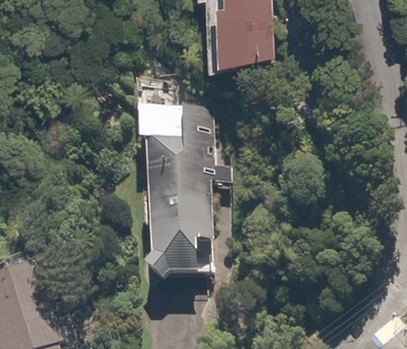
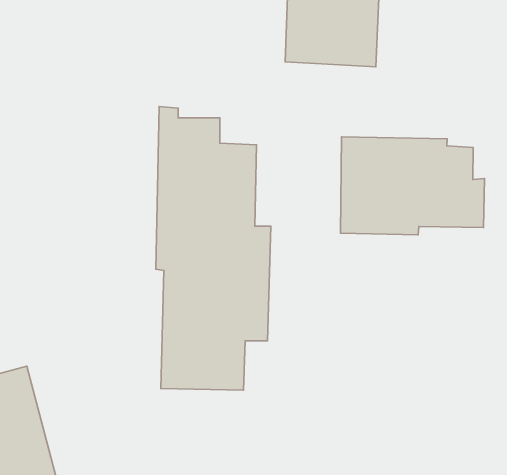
building: none -> [341,137,485,235]

